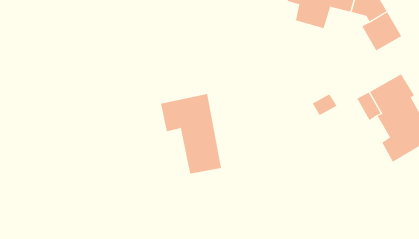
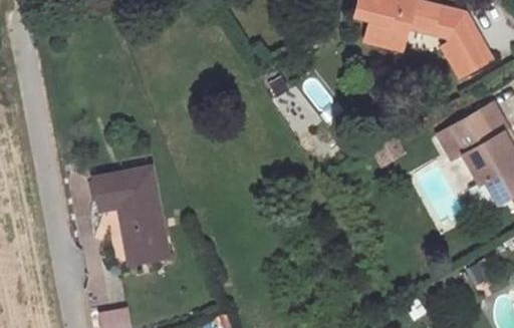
building: [160,93,222,174] -> [94,168,169,265]

